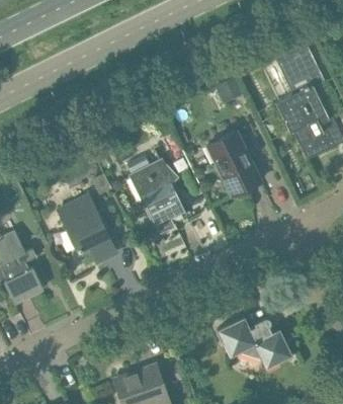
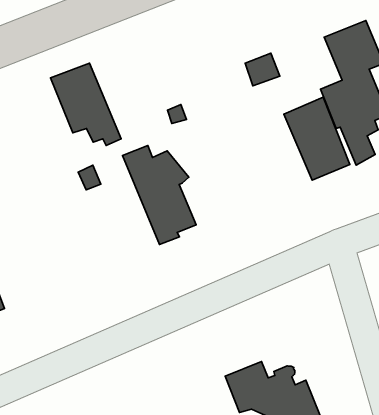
building: [207,131,261,195] -> [284,97,350,180]
building: [59,195,116,258] -> [51,63,121,146]

